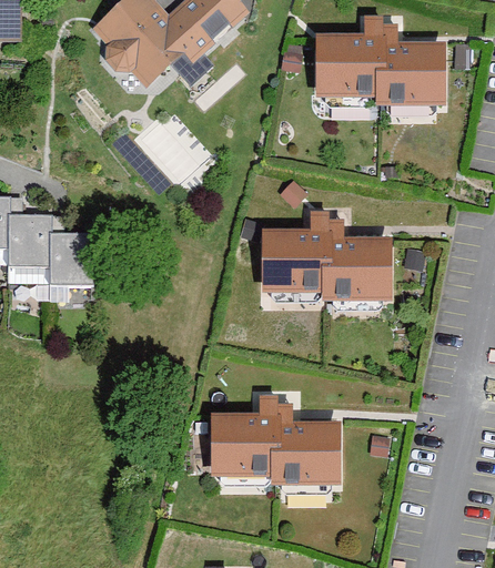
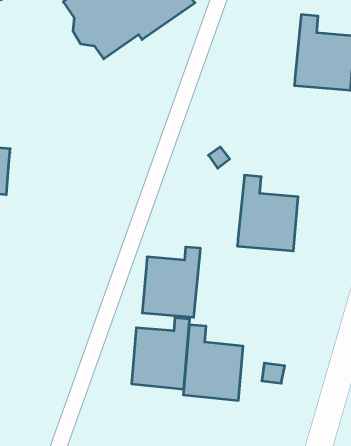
building: [313,17,375,99] -> none
building: [262,212,324,294] -> [142,247,200,317]
building: [46,214,90,283] -> none

